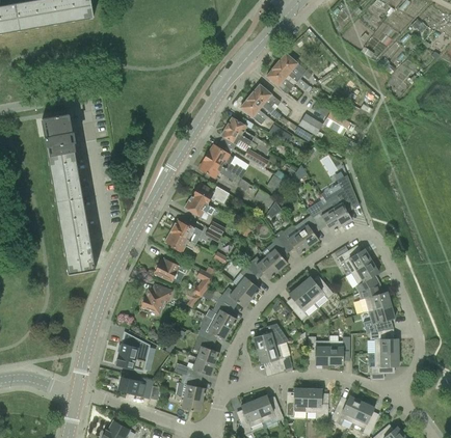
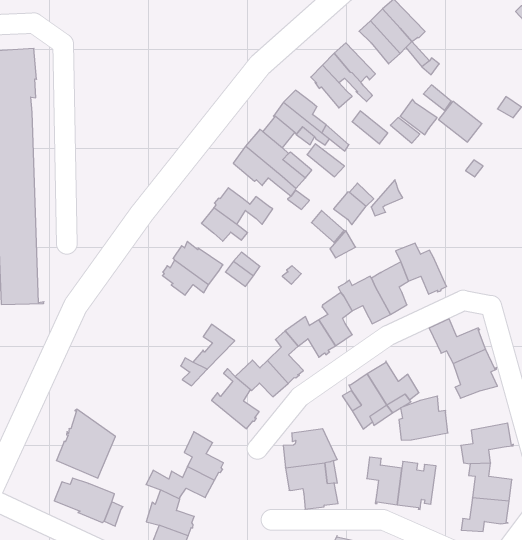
building: [322,174,357,225] -> none
building: [156,257,188,281] -> none
building: [360,282,391,312] -> [399,396,448,440]
building: [141,283,173,312] -> none
building: [198,314,231,340] -> none

